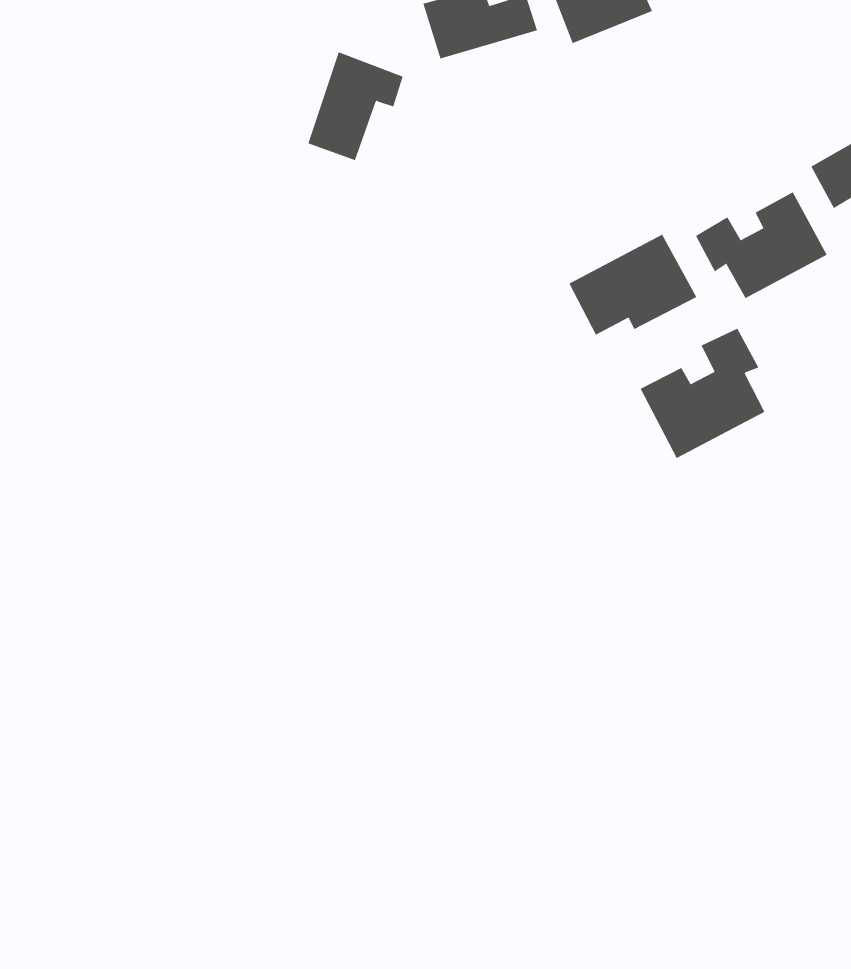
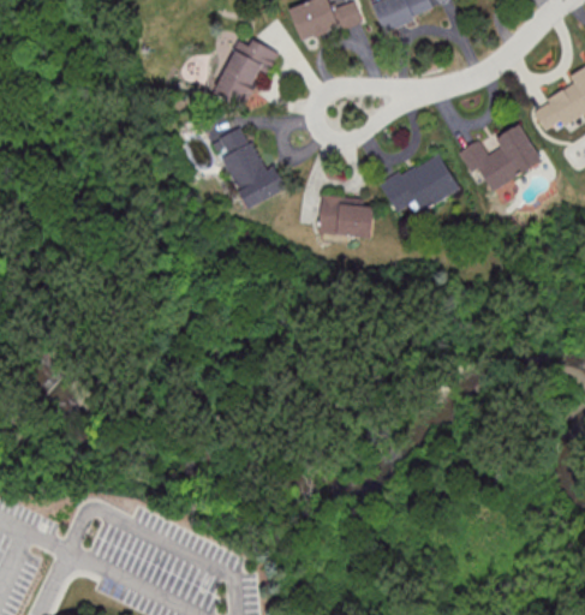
building: none -> [215,126,287,208]
building: none -> [320,193,376,238]
building: [640,328,765,459] -> none

